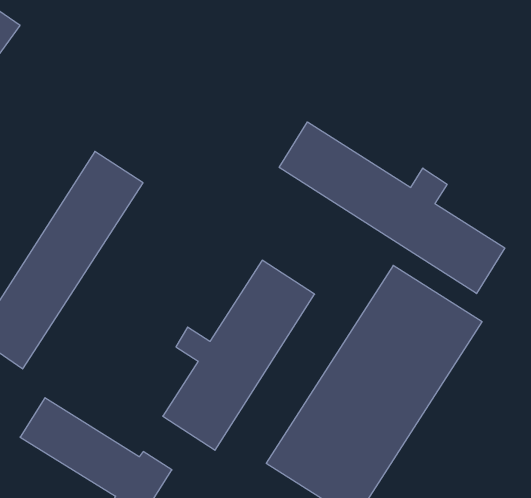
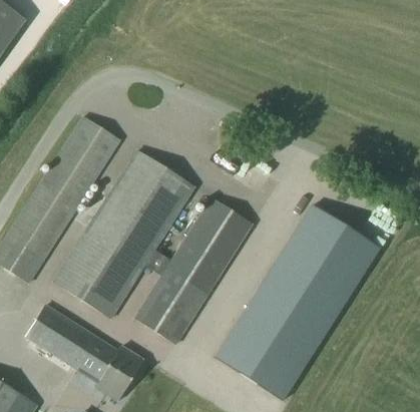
building: [279,122,505,294] -> none
building: none -> [53,151,194,319]

